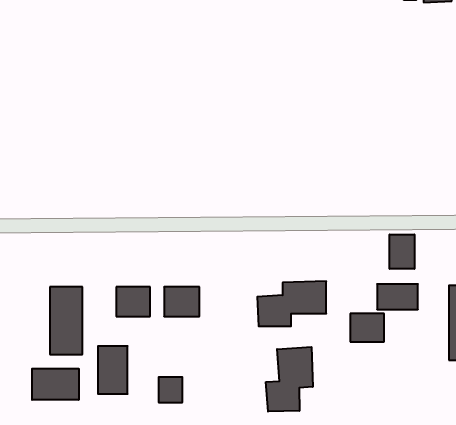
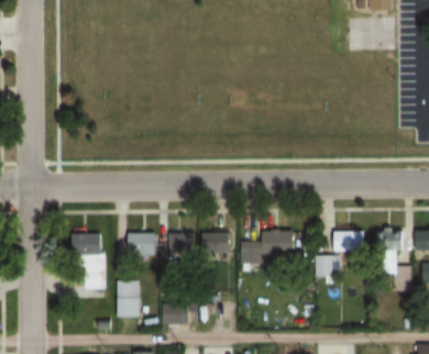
building: [390,234,414,269] -> none
building: none -> [201,232,230,253]
building: [266,347,313,412] -> none
building: [32,369,79,400] -> none

